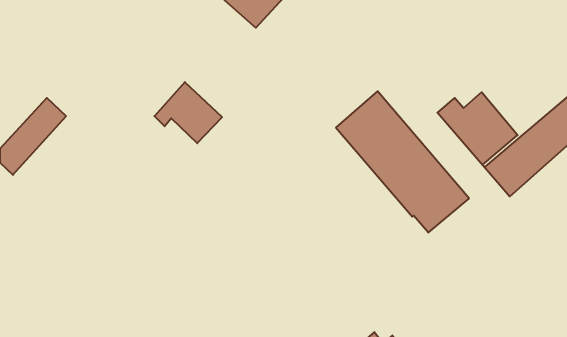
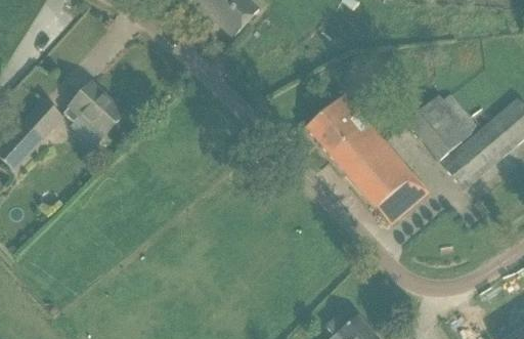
building: [154,82,222,143] -> [64,81,126,136]

